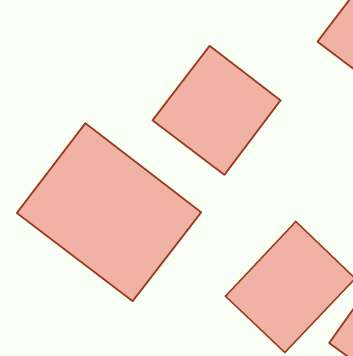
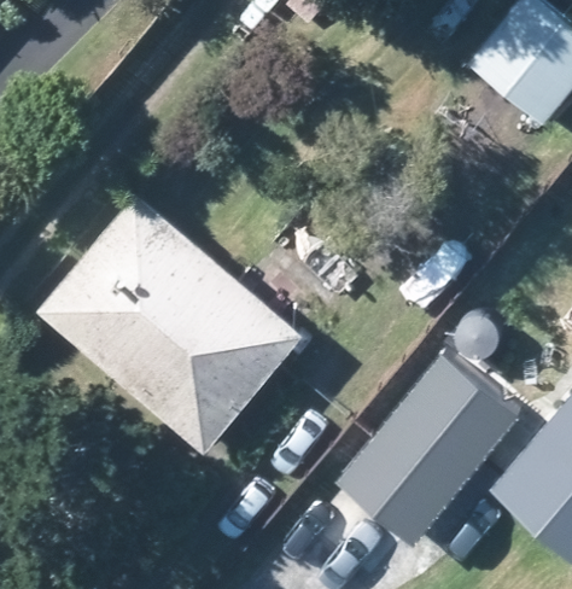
building: [153,46,281,175] -> none

